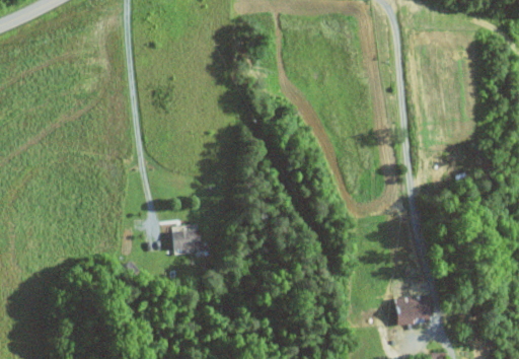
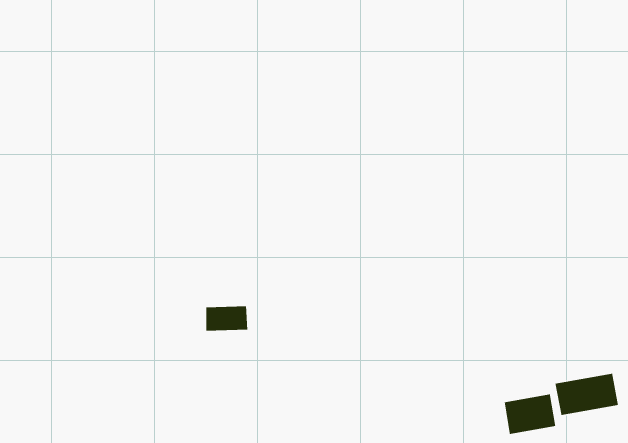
building: none -> [555,373,619,416]

